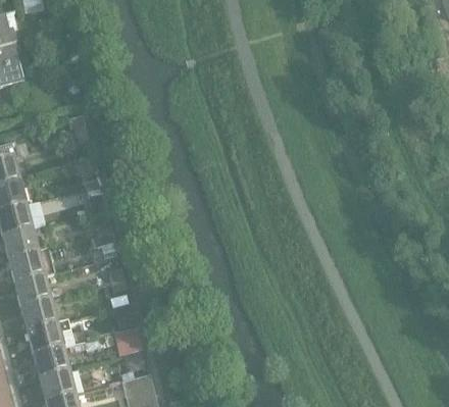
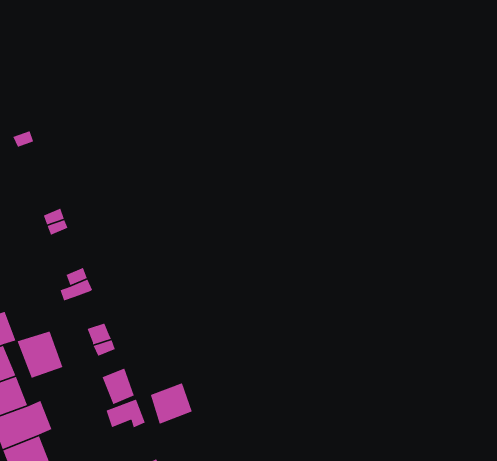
building: none -> [17,330,64,379]
building: none -> [150,382,193,425]

